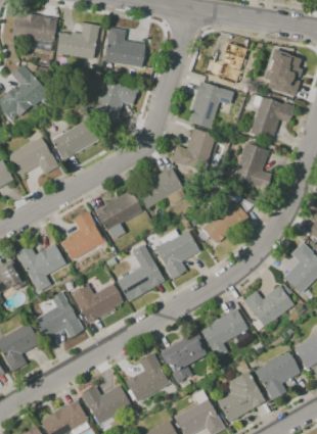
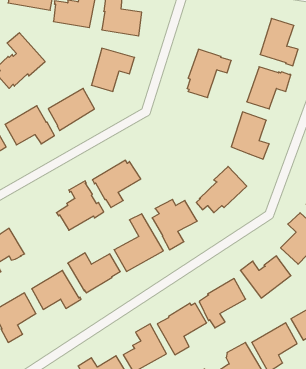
building: [203,43,247,84] -> none
building: [173,127,217,170] -> none
building: [136,167,187,208] -> none
building: [16,244,66,292] -> none

